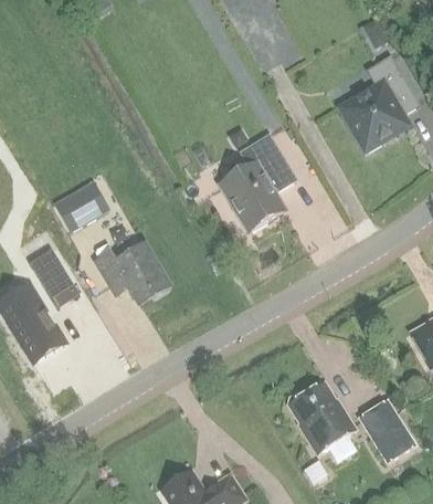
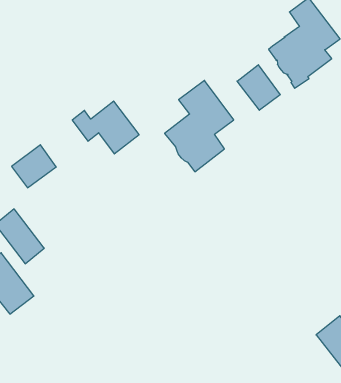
building: none -> [237,65,280,110]
building: [97,244,167,301] -> [72,101,139,154]
building: [287,384,356,454] -> none

